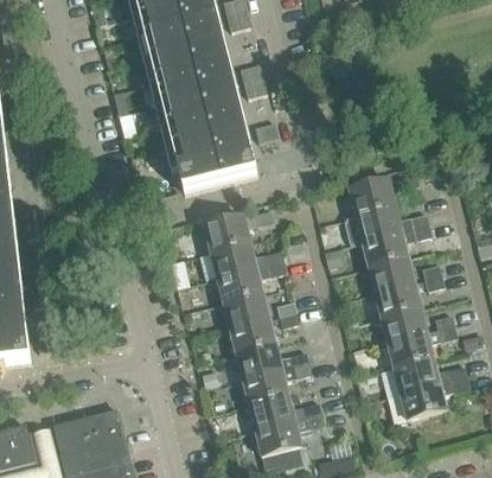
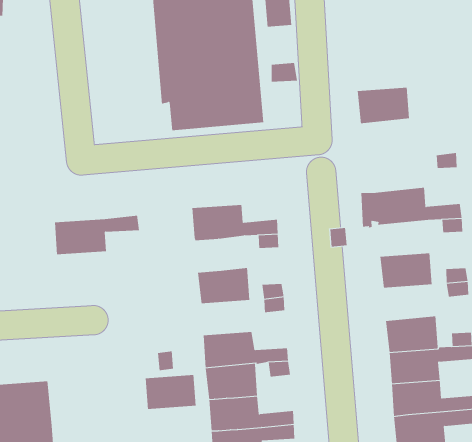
building: [350,180,396,216] -> [357,87,410,124]
building: [205,210,275,253] -> [54,215,140,255]
building: [358,231,409,267] -> none
building: [218,268,264,304] -> none
building: [376,282,422,318] -> none
building: [231,319,276,353] -> [145,375,196,410]

